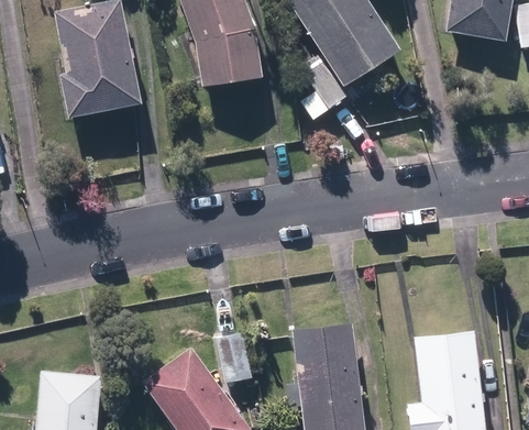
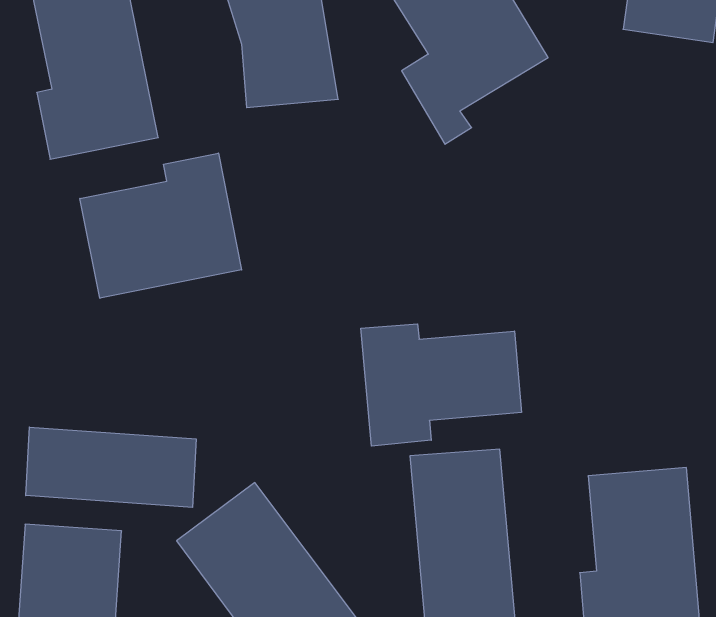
building: none -> [80,153,242,298]
building: none -> [361,324,521,446]
building: none -> [26,427,196,507]

